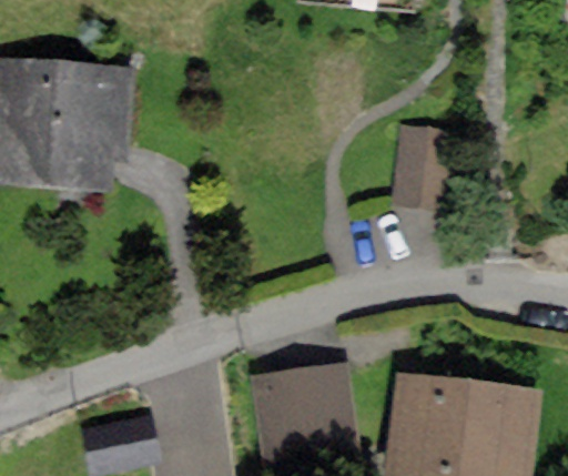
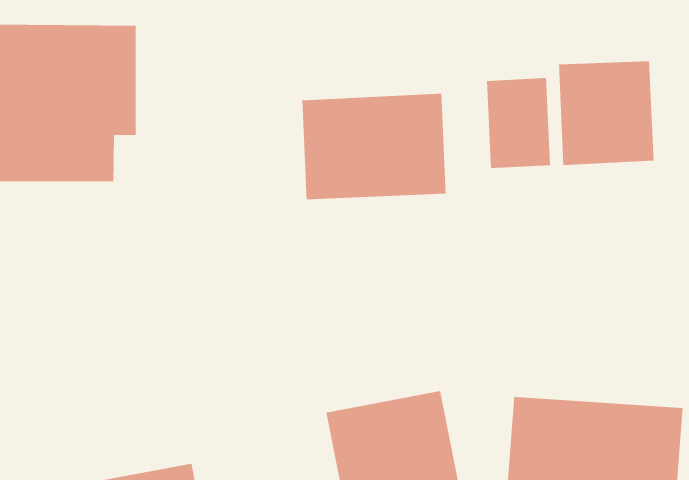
building: none -> [558,60,654,166]
building: none -> [302,93,446,200]

